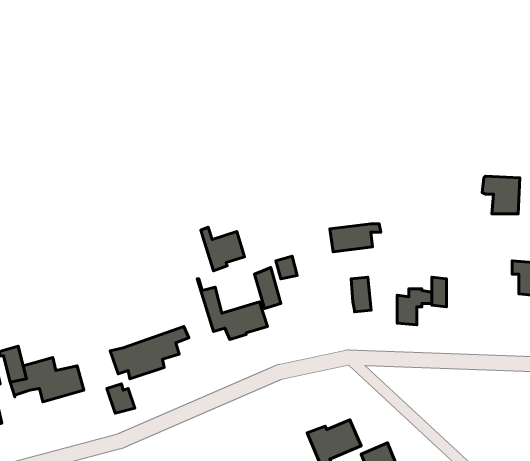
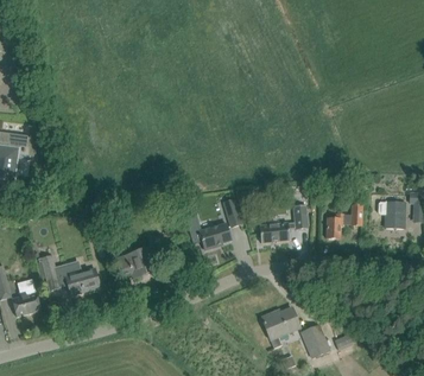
building: [482,176,520,214] -> [376,202,404,229]
building: [330,224,381,252] -> [258,223,295,243]
building: [201,227,245,271] -> none

